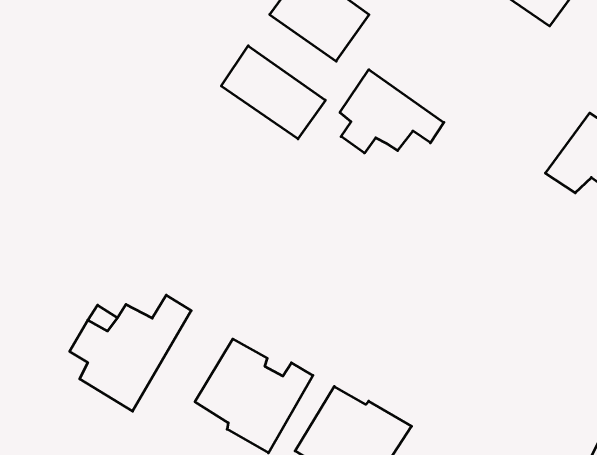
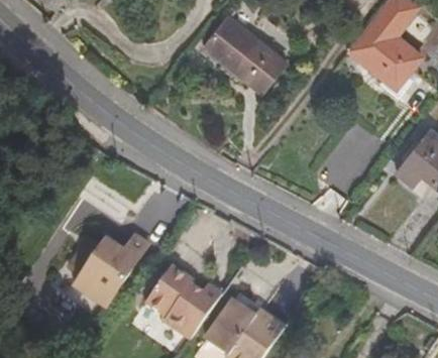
building: [221,46,325,139] -> none
building: [340,70,444,153] -> none

